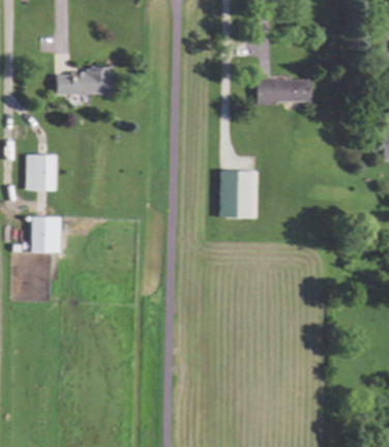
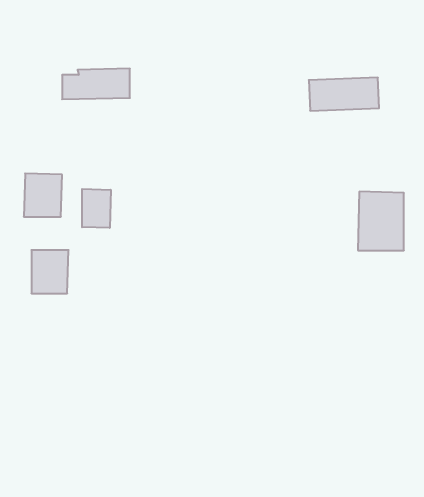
building: none -> [82,189,111,228]
building: [219,170,257,217] -> [358,192,404,250]

